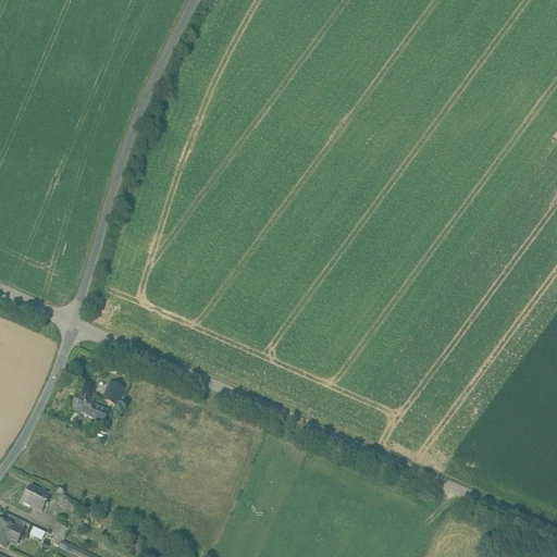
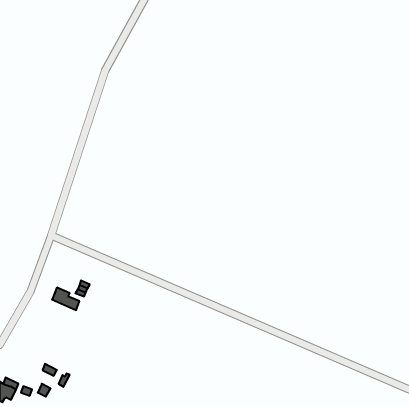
building: [21,483,49,510] -> none

